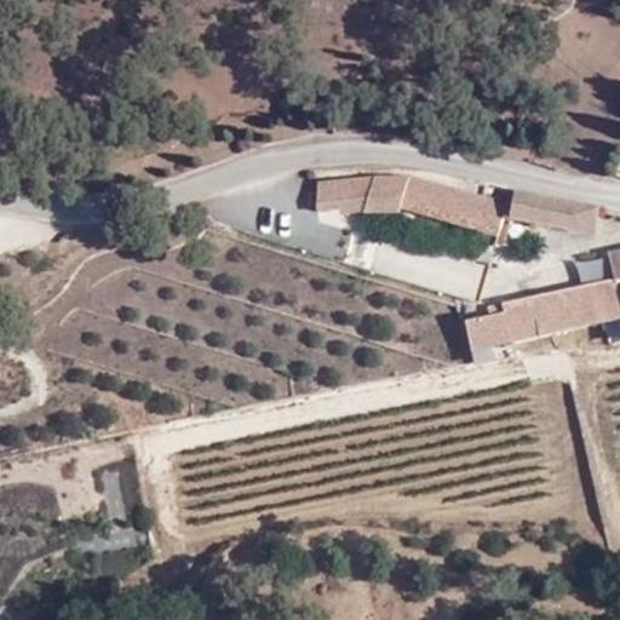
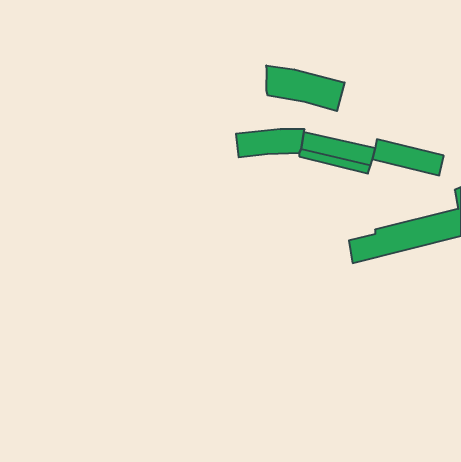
building: none -> [266,65,345,111]

